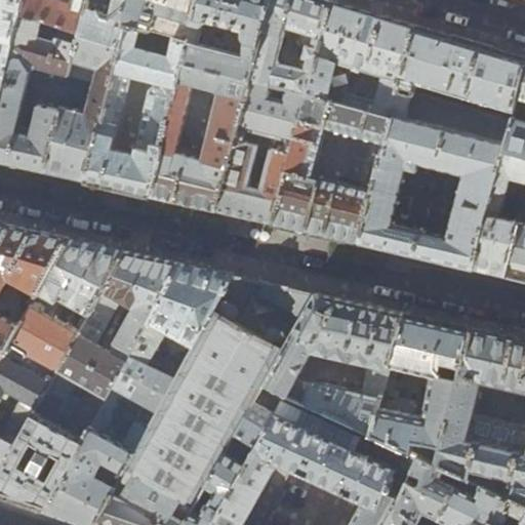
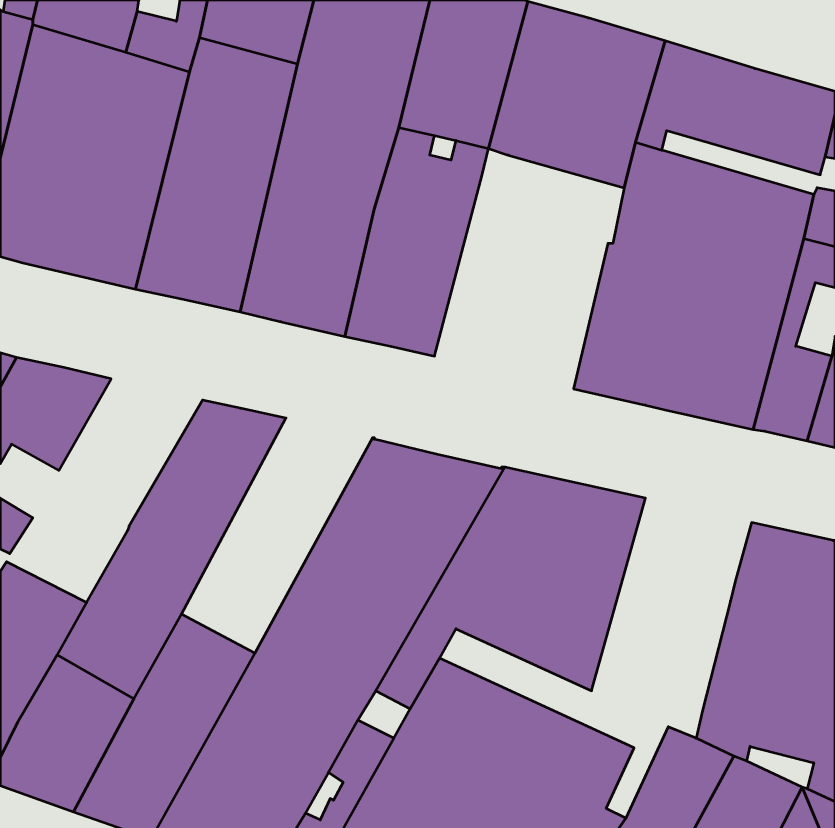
building: [273,102,392,248] -> none
building: [4,242,127,382] -> none
building: [114,267,234,414] -> none
building: [371,317,472,456] -> none

